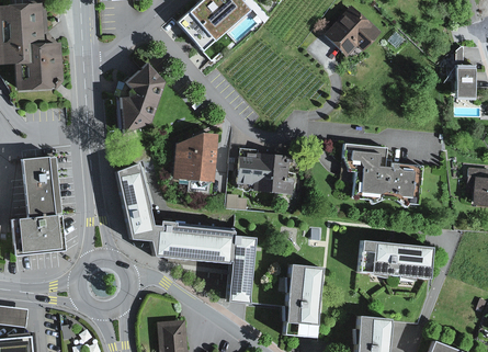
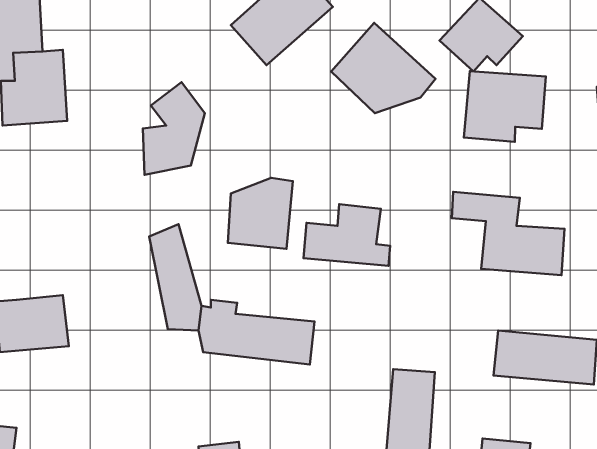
building: none -> [331,23,436,113]
building: none -> [464,71,546,142]
building: [21,159,59,217] -> none
building: [232,232,260,300] -> none

